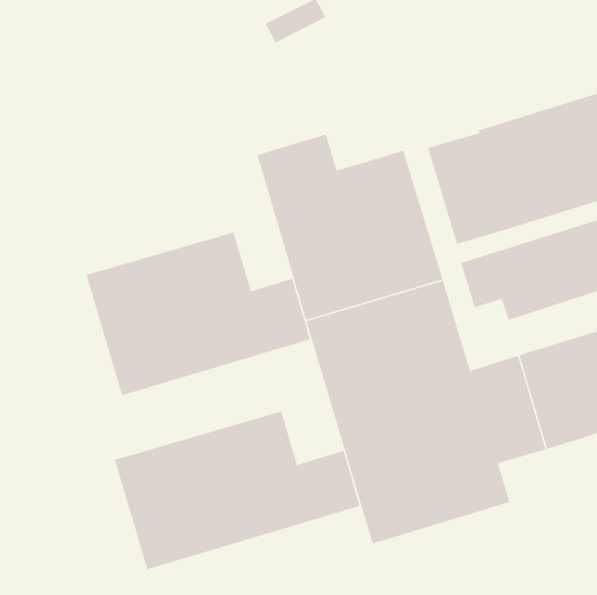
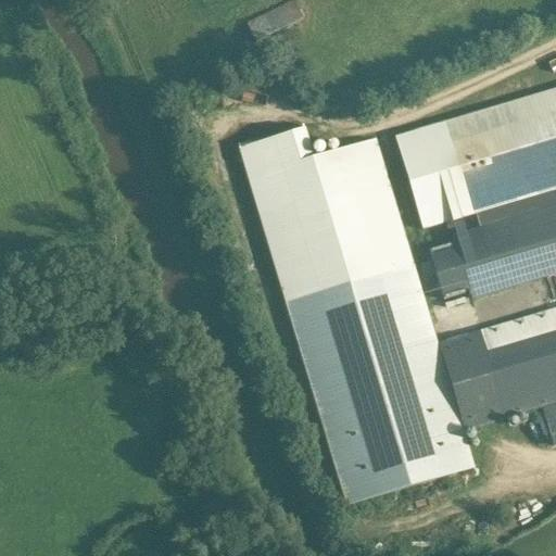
building: [86,232,311,396] -> none
building: [114,411,361,570] -> none

